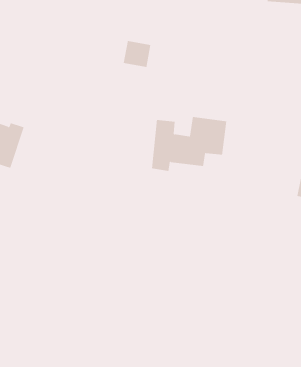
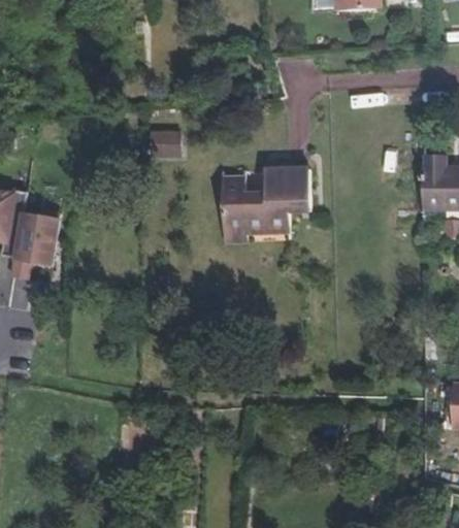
building: [123,40,151,68] -> [151,128,183,158]

